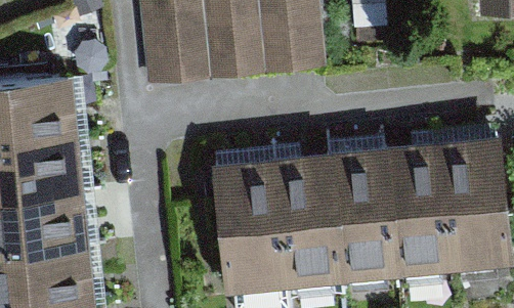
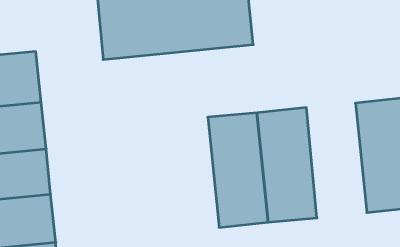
building: [387,137,458,271] -> none
building: [214,153,285,289] -> none

